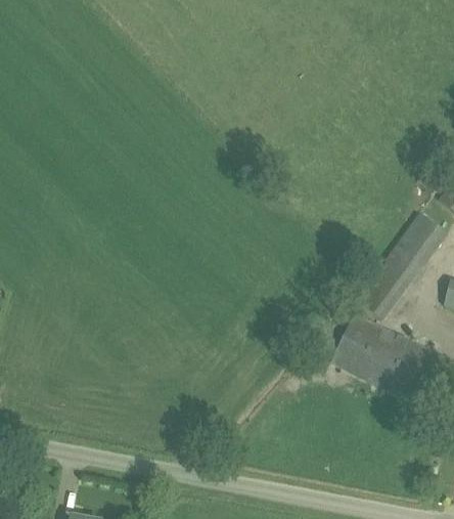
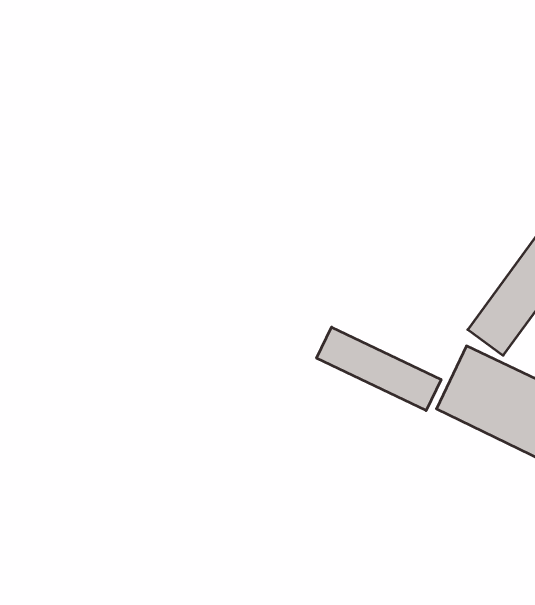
building: none -> [317,327,441,411]

